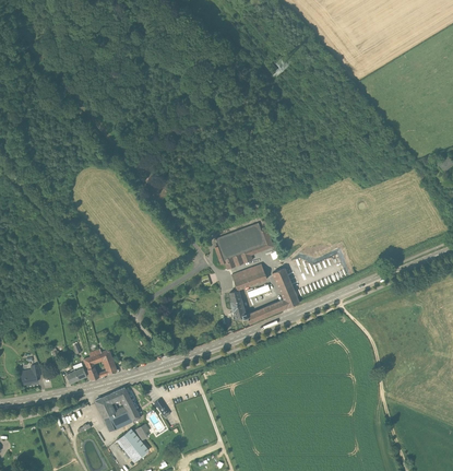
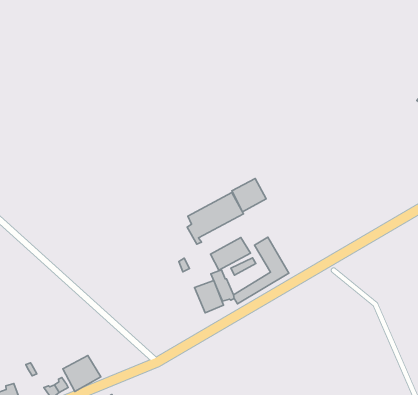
building: none -> [232,179,266,212]
building: none -> [195,280,224,313]

